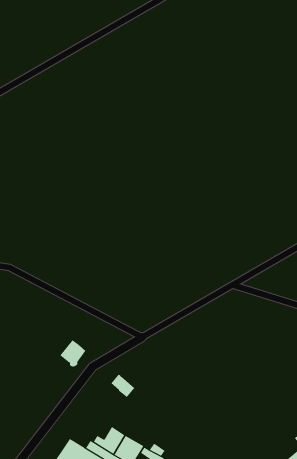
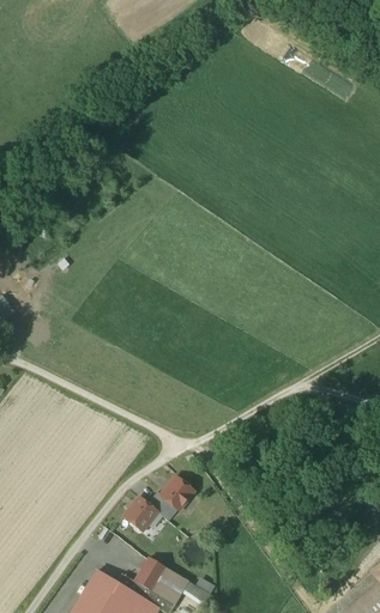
building: [59,340,87,367] -> [123,498,157,532]
building: none -> [161,478,193,510]

